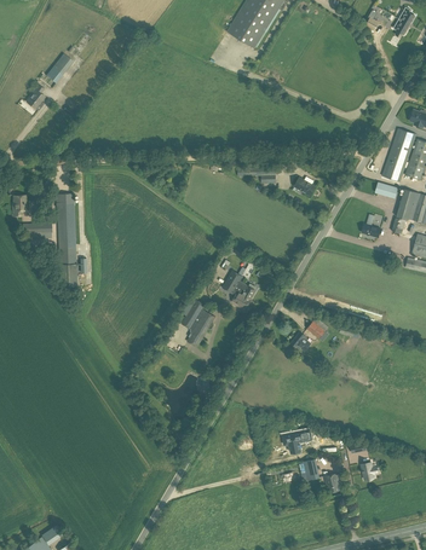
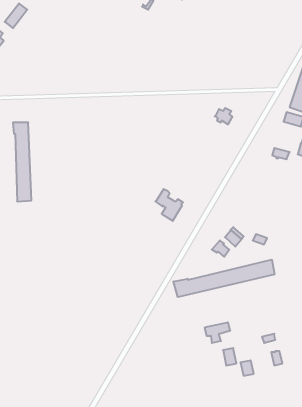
building: [180,299,213,347] -> none
building: none -> [173,260,275,297]

